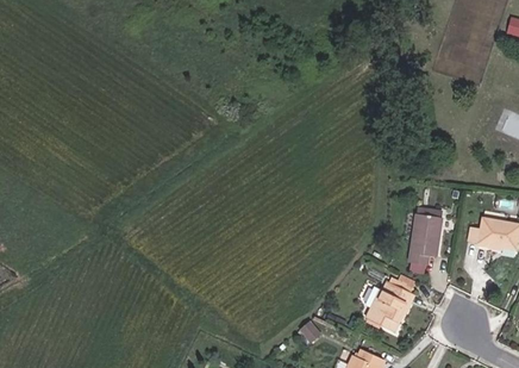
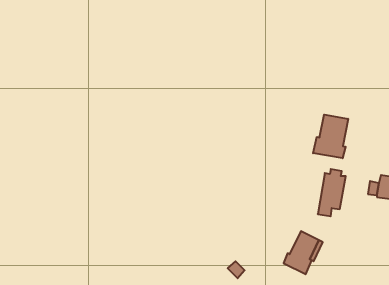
building: none -> [313,115,348,158]

